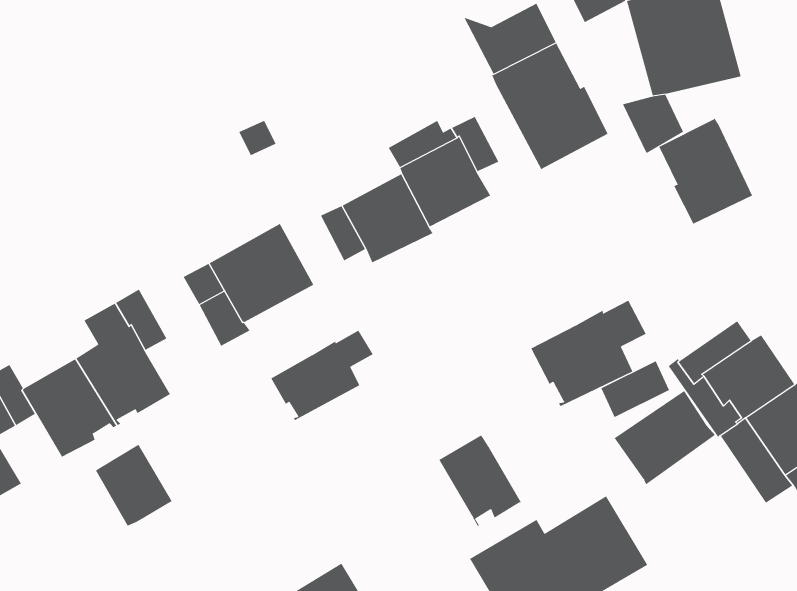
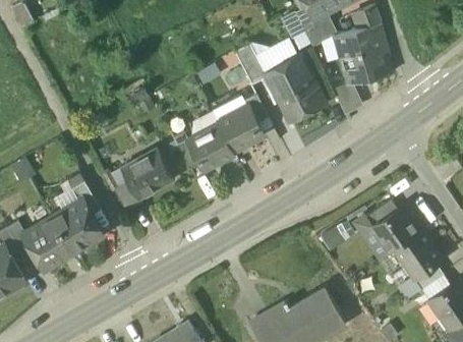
building: none -> [235,43,267,84]
building: [659,117,753,224] -> none
building: [531,300,647,407] -> none
building: [271,330,373,421] -> none
building: [614,390,716,485] -> none
building: [439,434,522,526] -> none
building: [95,444,172,527] -> none

